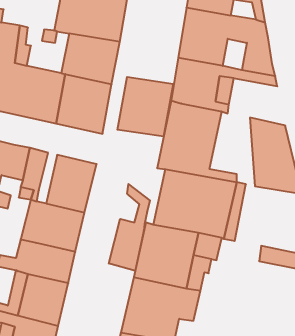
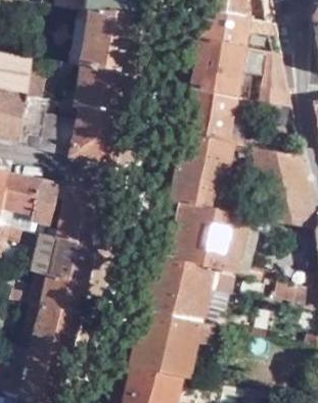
building: [117,77,173,137] -> none
building: [109,184,150,271] -> none

